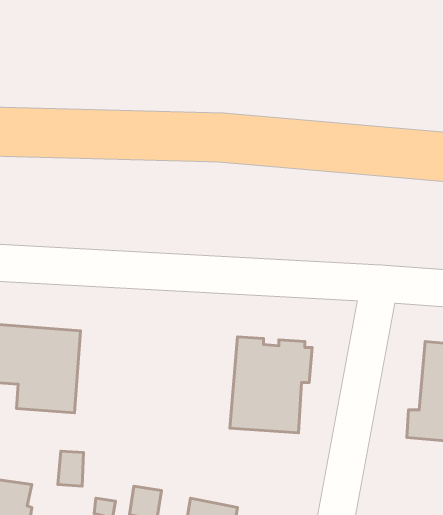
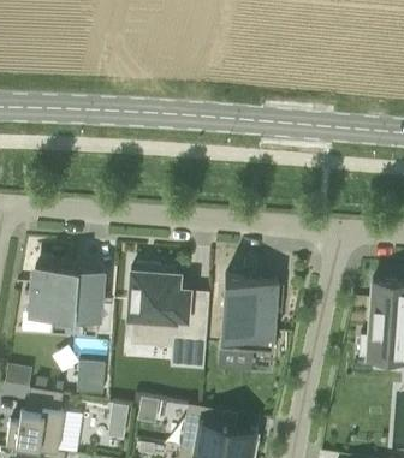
building: none -> [127,264,209,370]

